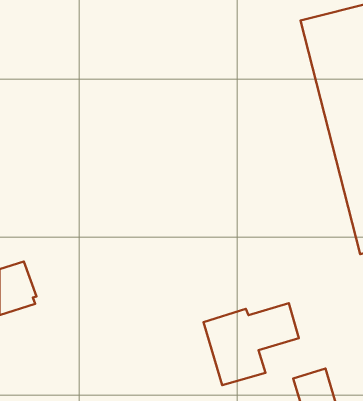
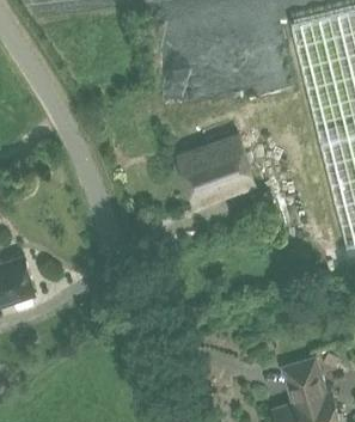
building: none -> [177,135,256,208]
building: [203,303,299,385] -> none

